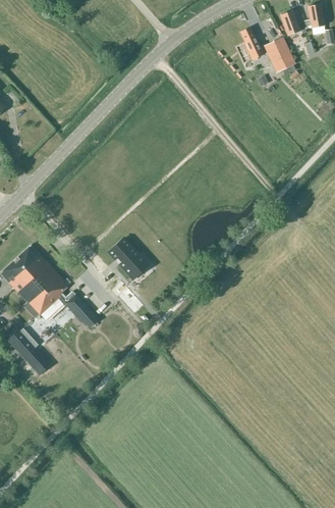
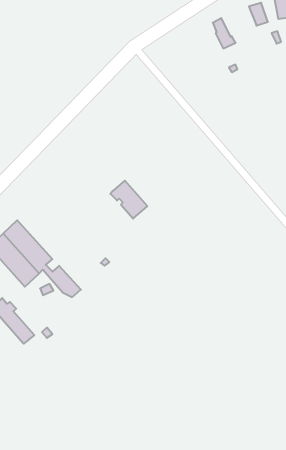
building: [264,39,294,73] -> none
building: [108,239,148,280] -> [110,181,147,219]

